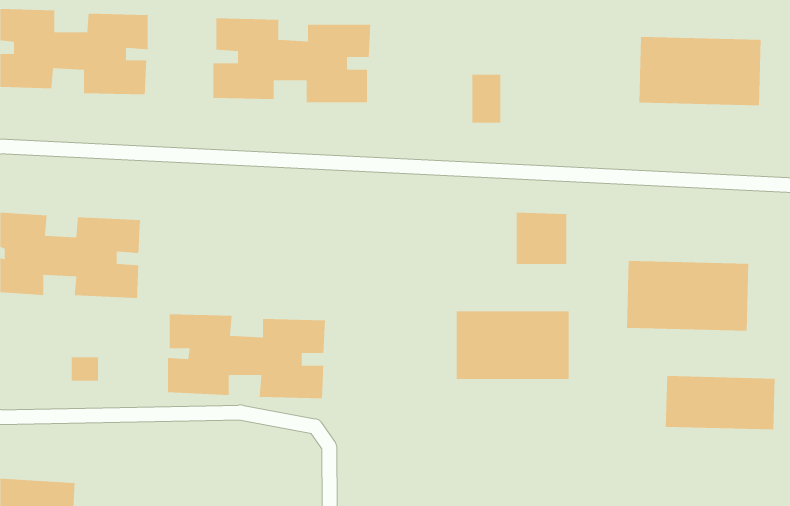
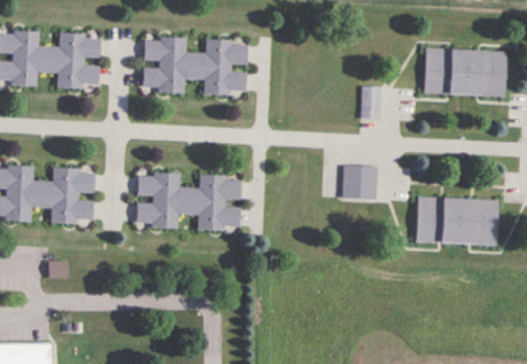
building: [472,74,501,123] -> [361,87,381,120]
building: [456,310,570,380] -> none
building: [167,313,326,399] -> [136,173,241,229]
building: [665,375,776,430] -> none

